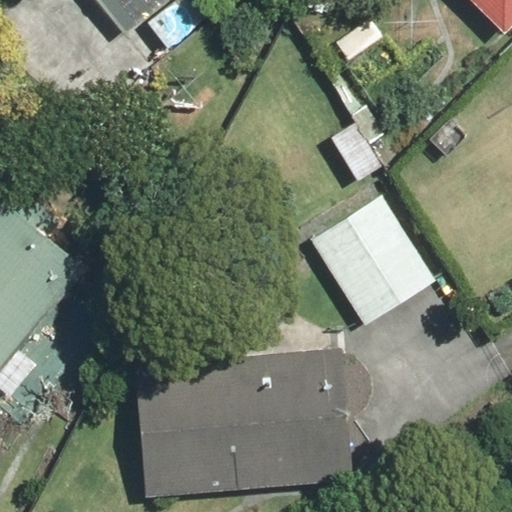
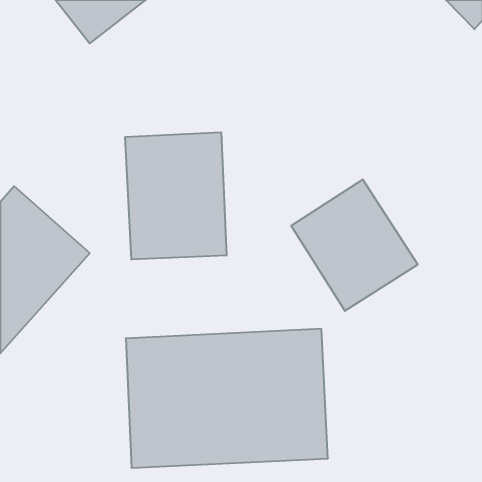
building: none -> [125,132,226,260]

